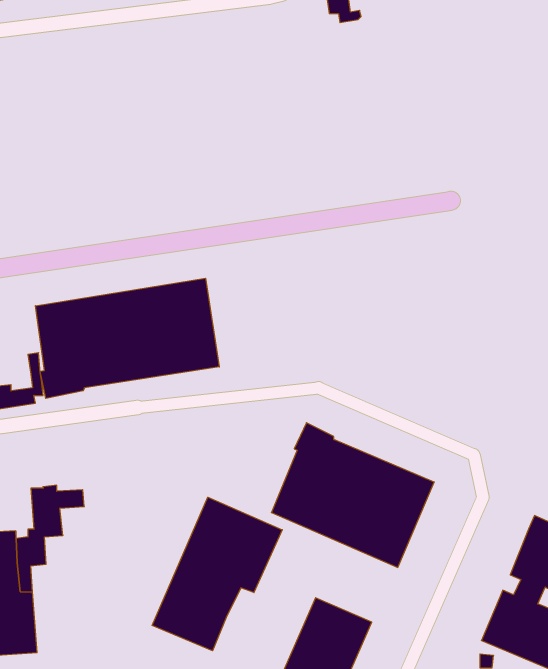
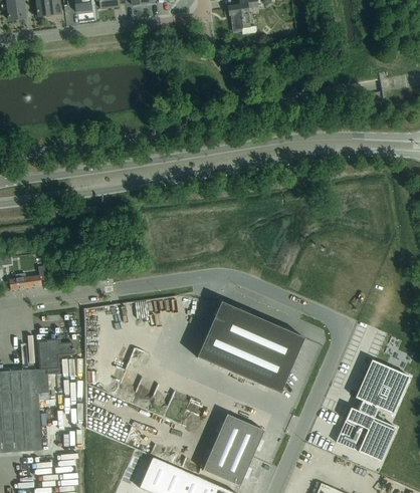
building: [35,278,219,398] -> none
building: [152,497,282,651] -> none

